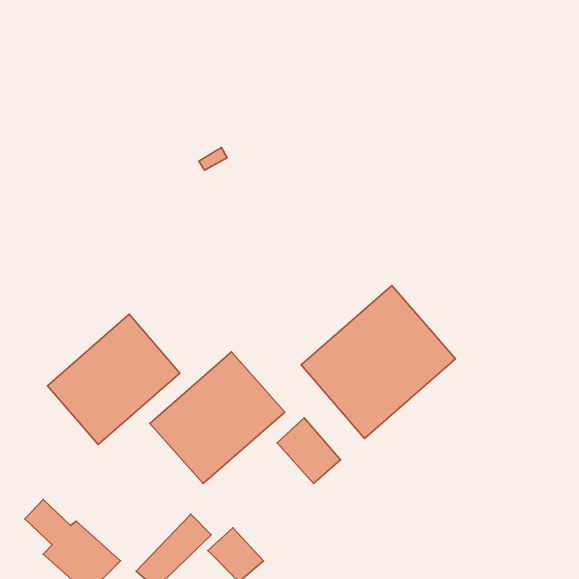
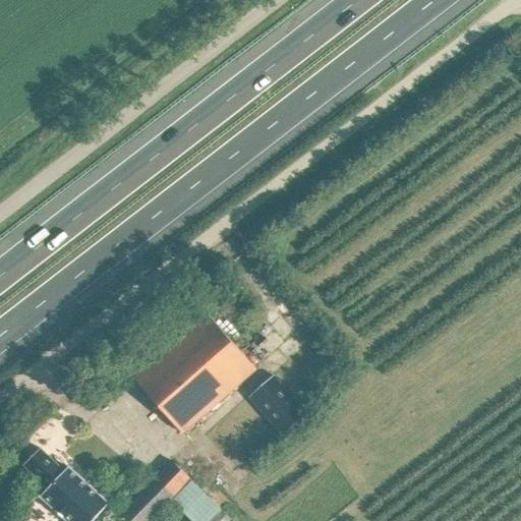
building: [301,285,455,438] -> none
building: [47,314,180,445] -> none

